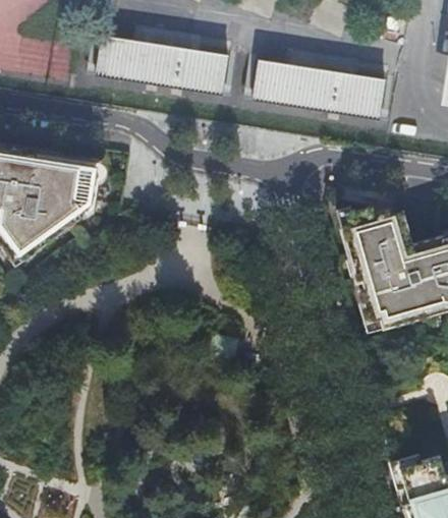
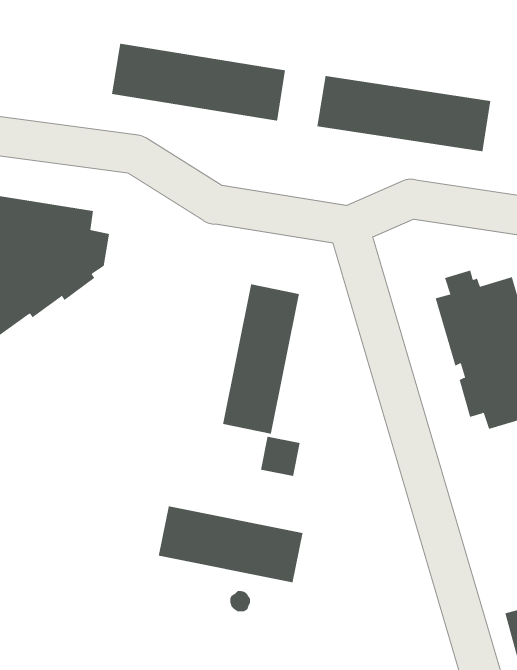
building: none -> [222,284,299,434]
building: none -> [158,505,303,583]

